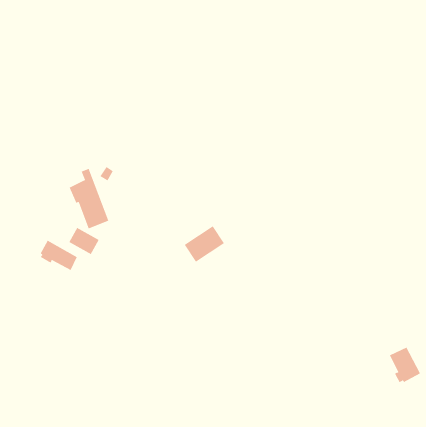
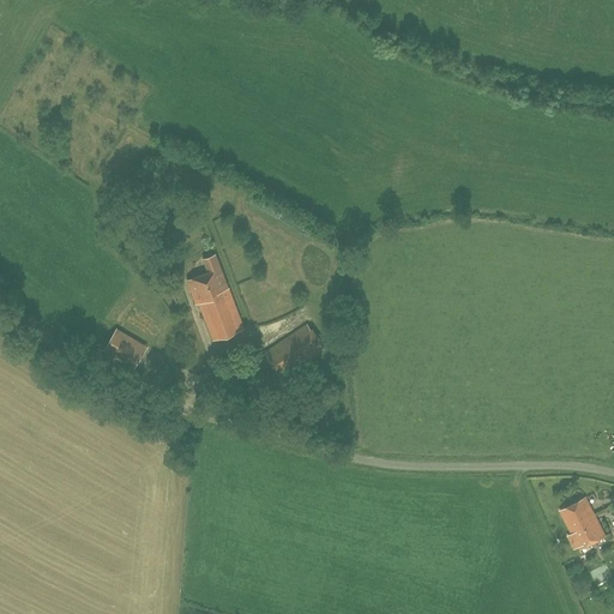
building: [69,168,109,229] -> [186,253,243,341]
building: [40,240,78,271] -> none

